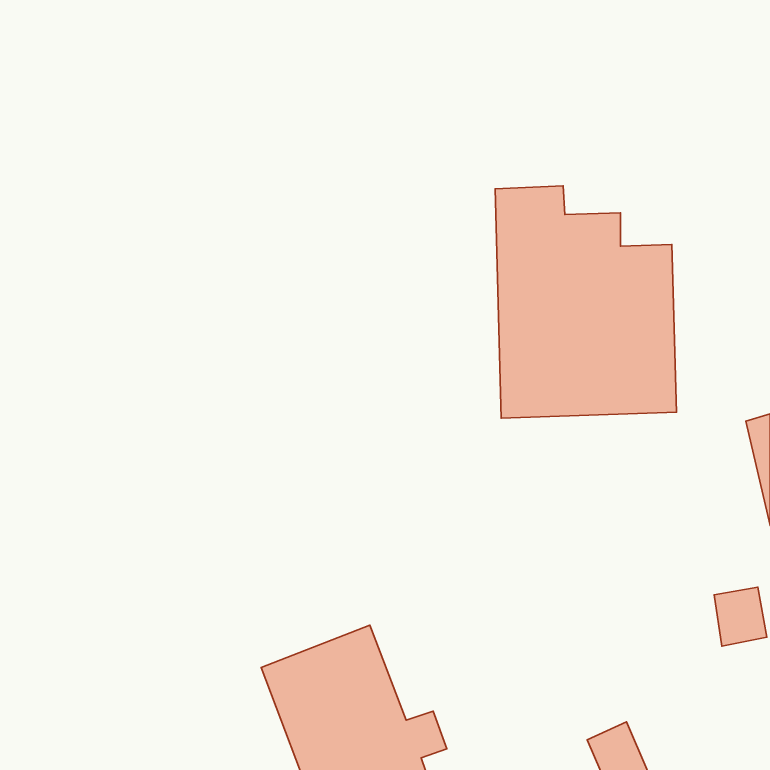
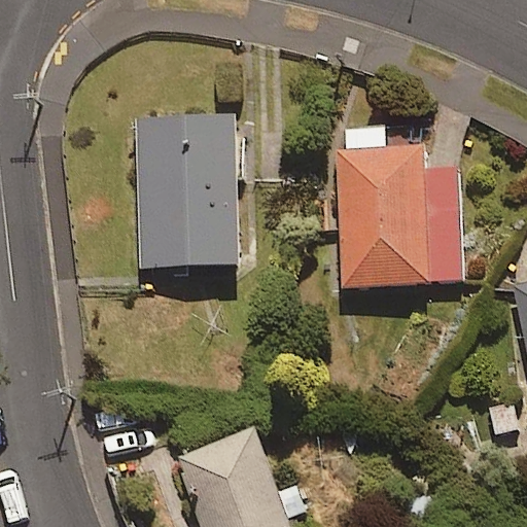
building: none -> [138,115,237,265]

